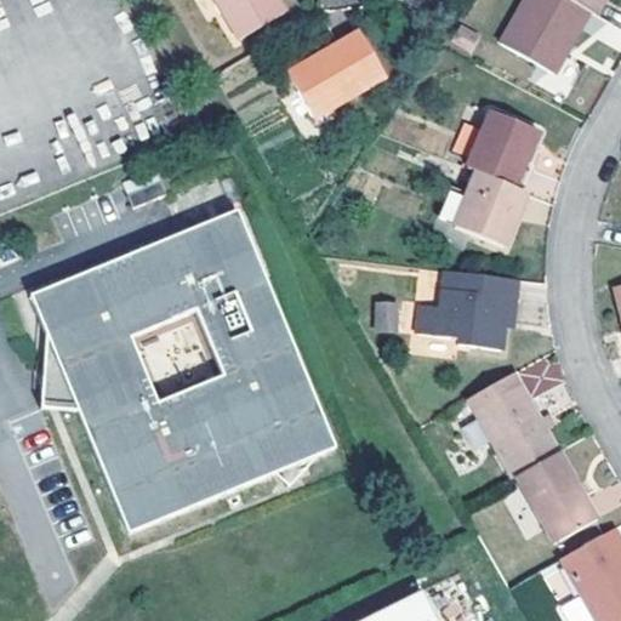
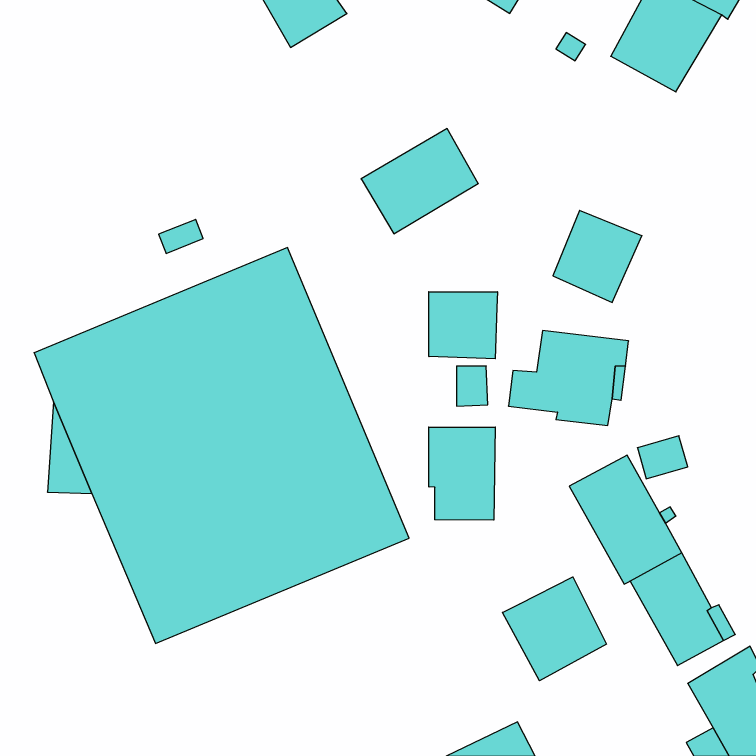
building: [290,34,386,120] -> [361,129,478,234]
building: [467,112,537,188] -> none
building: none -> [429,292,497,359]
building: none -> [429,427,495,520]
building: none -> [502,577,606,681]

